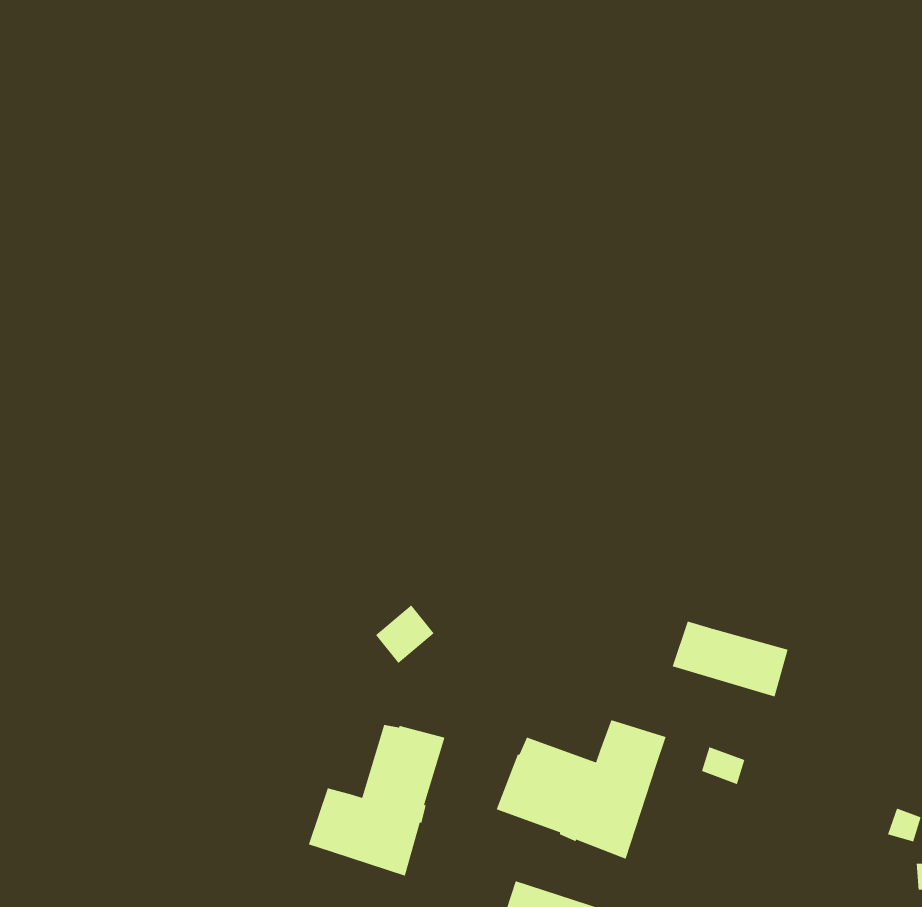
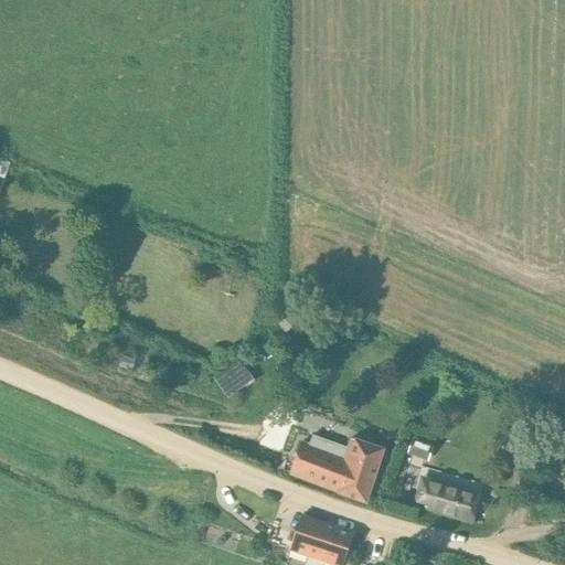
building: [672,621,789,697] -> [413,479,480,523]
building: [308,724,445,877] -> none

